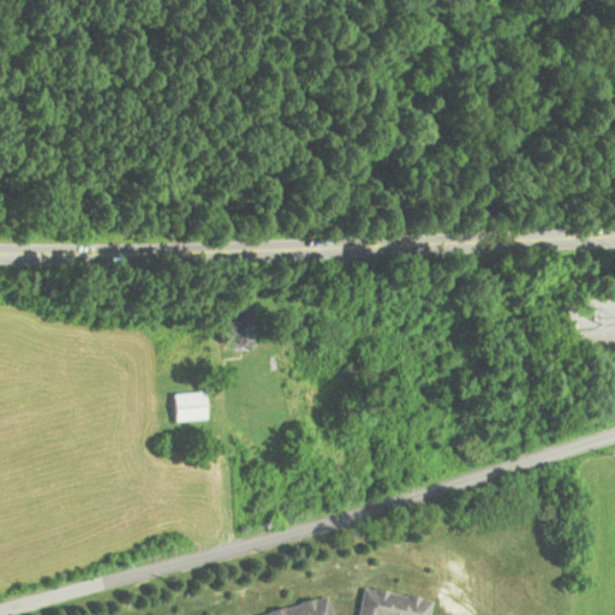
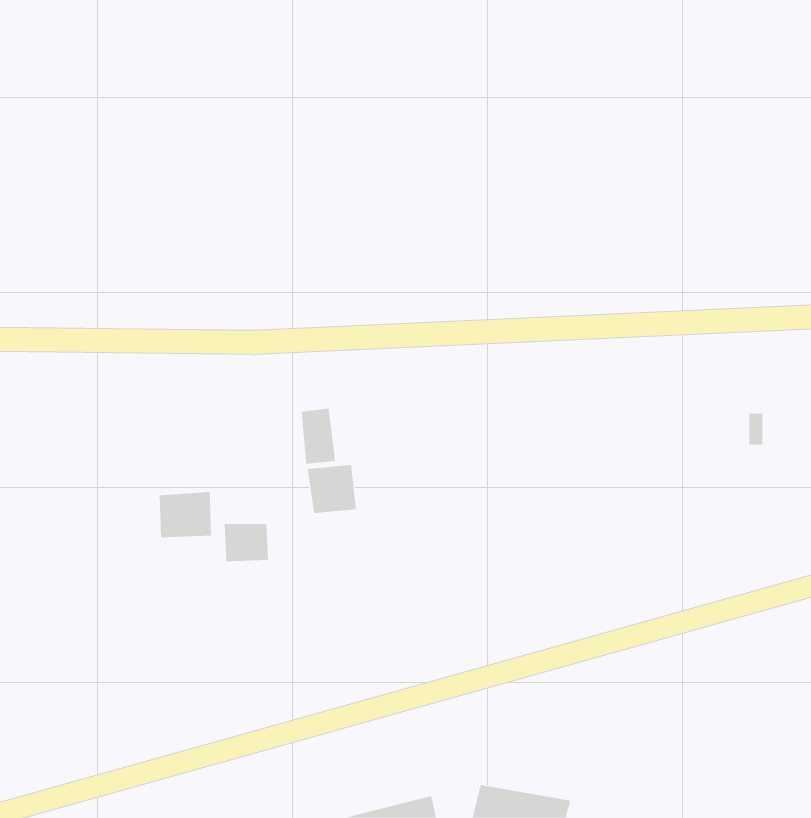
building: none -> [307,464,356,514]
building: none -> [159,491,212,538]

